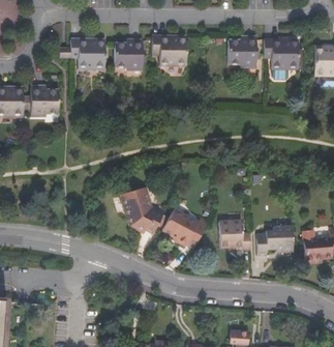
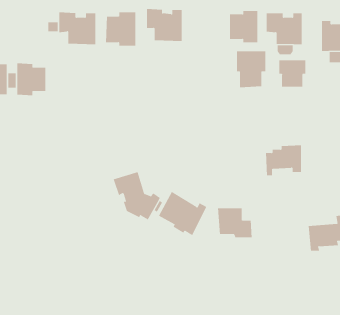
building: none -> [237,51,266,88]
building: none -> [279,59,306,88]
building: [259,226,293,255] -> [265,145,302,176]

